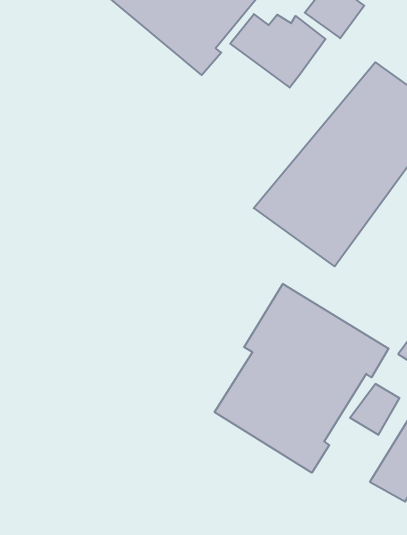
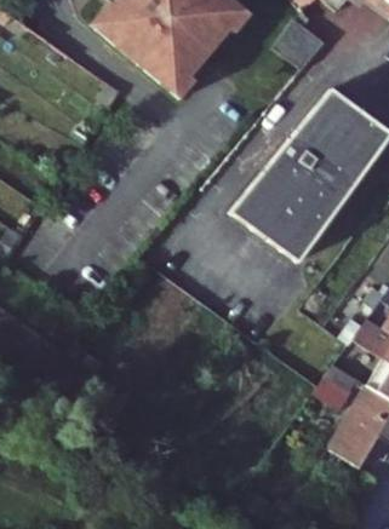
building: [230,14,326,88] -> none
building: [215,284,389,473] -> none

